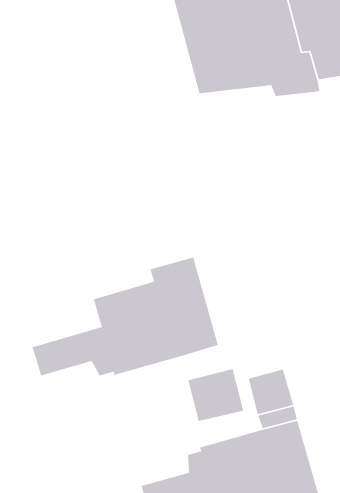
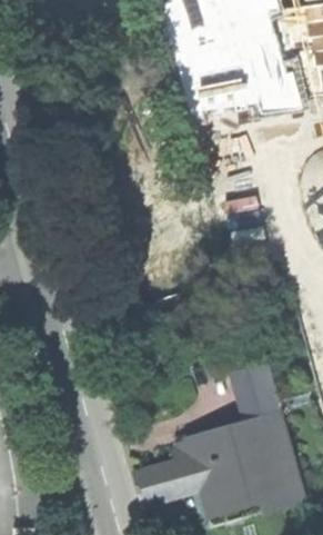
building: [31,256,219,376] -> none
building: [188,368,244,422] -> none

